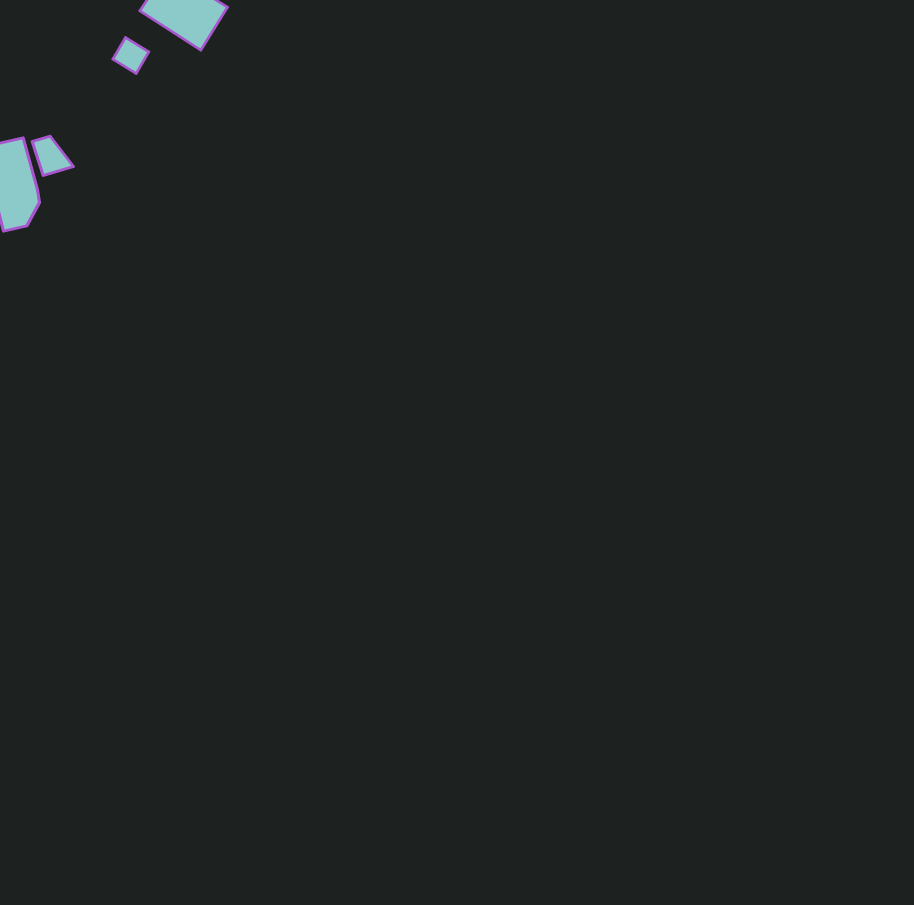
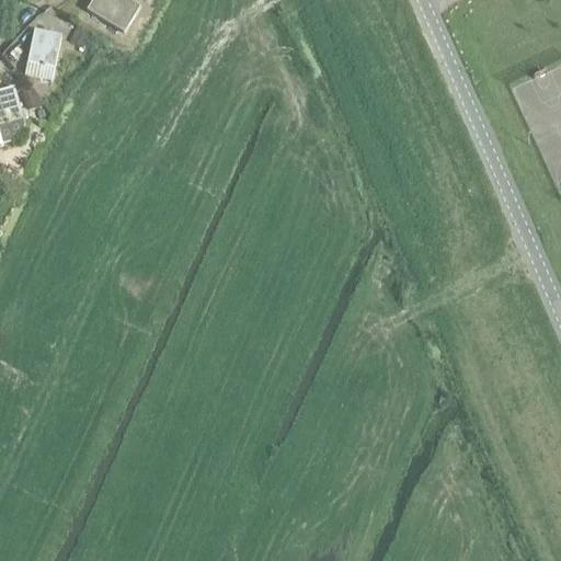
building: none -> [24,26,60,78]

